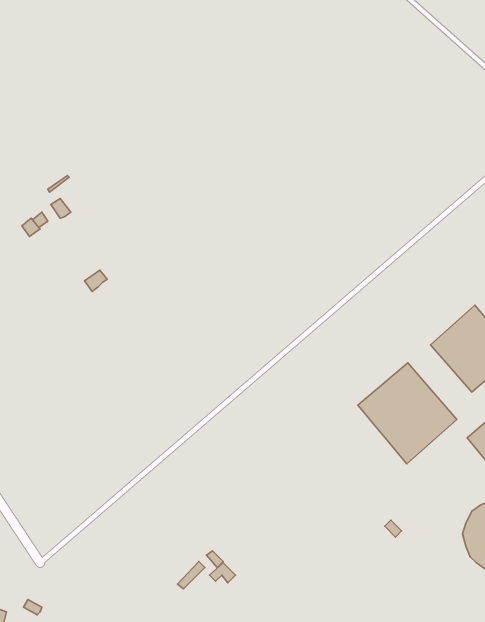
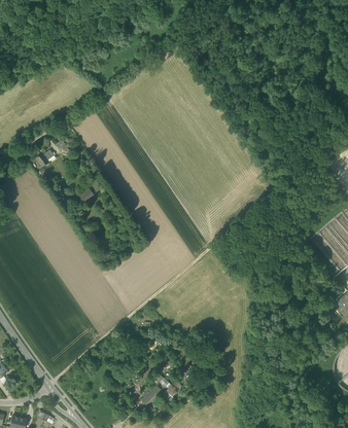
building: [358,363,457,464] -> none

